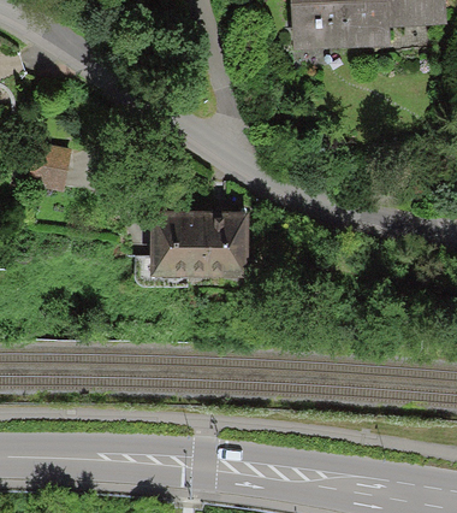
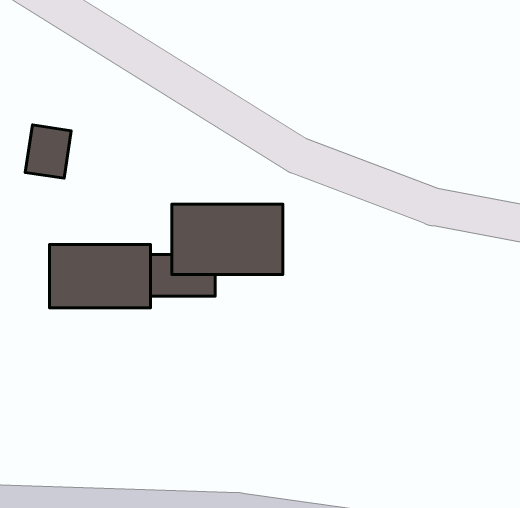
building: none -> [49,244,150,308]

